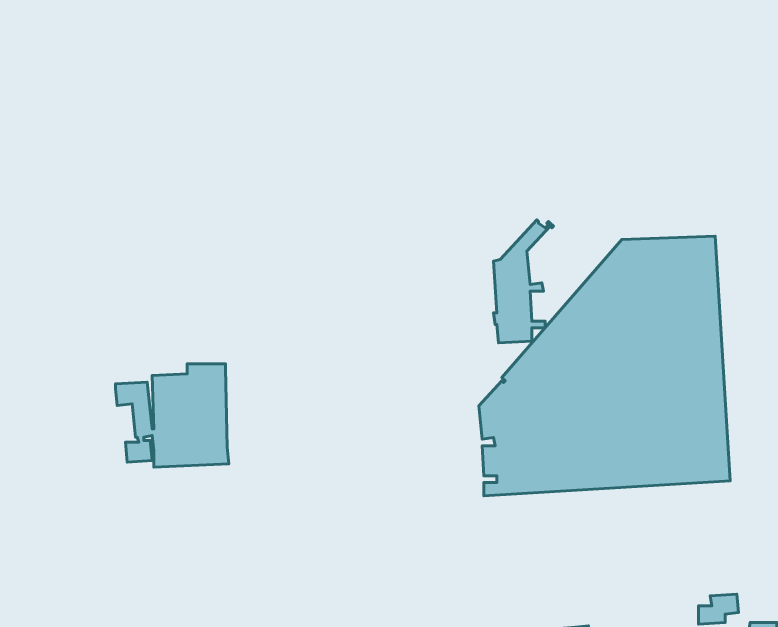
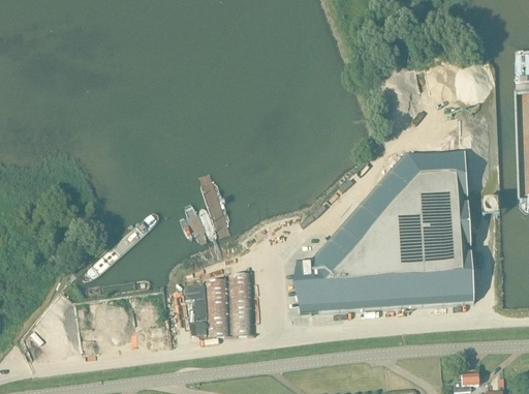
building: [493,220,553,343] -> [297,236,334,312]
building: [116,364,229,467] -> [184,273,254,337]

